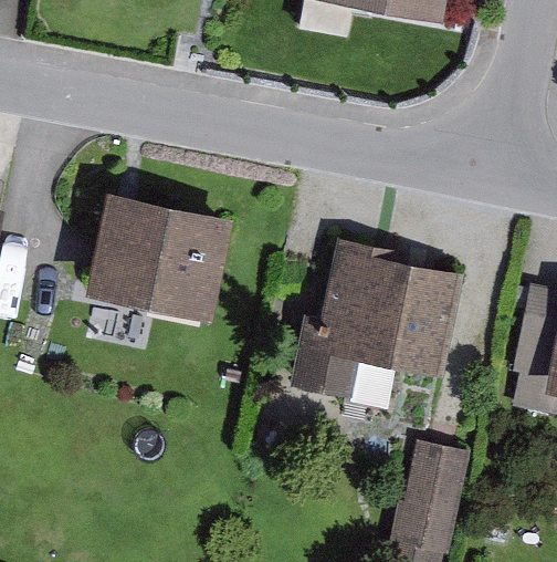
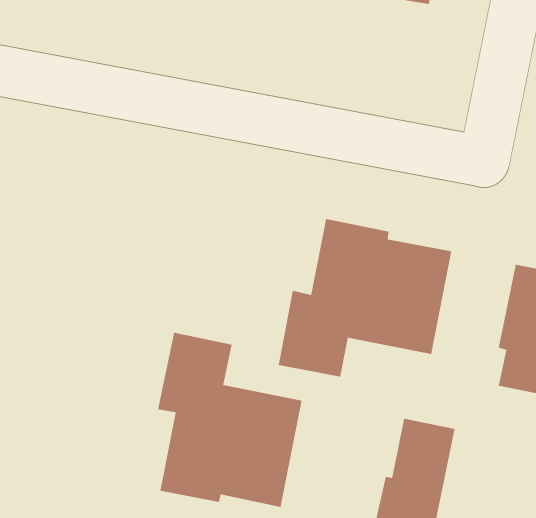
building: [85,192,232,321] -> none
building: none -> [157,332,303,508]

